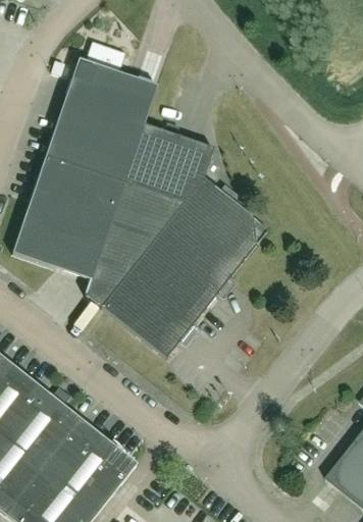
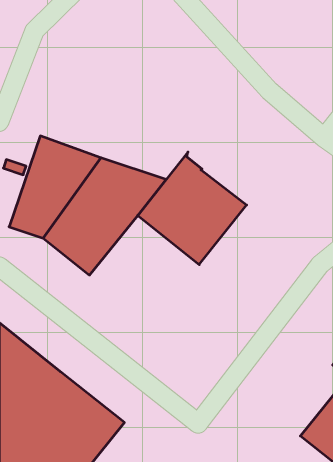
building: [45,42,212,202] -> none
building: [98,241,216,358] -> none

